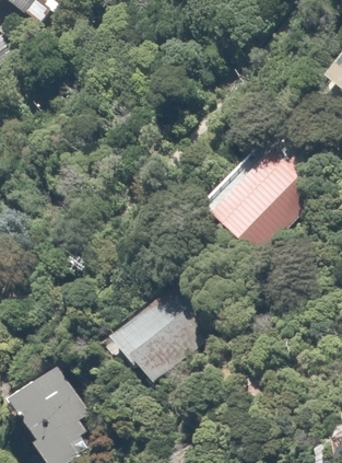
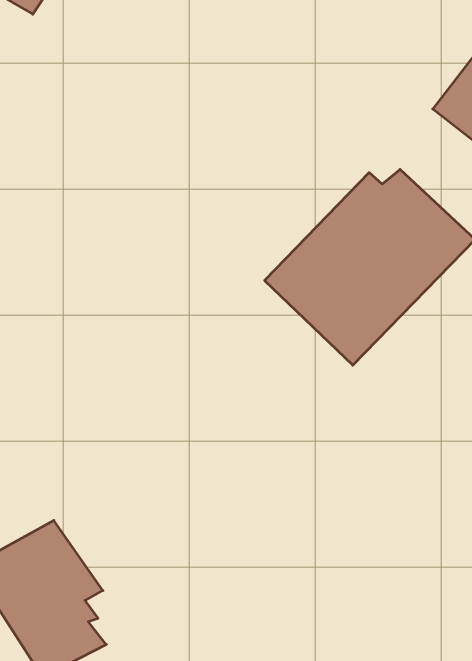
building: [107,287,211,382] -> none

